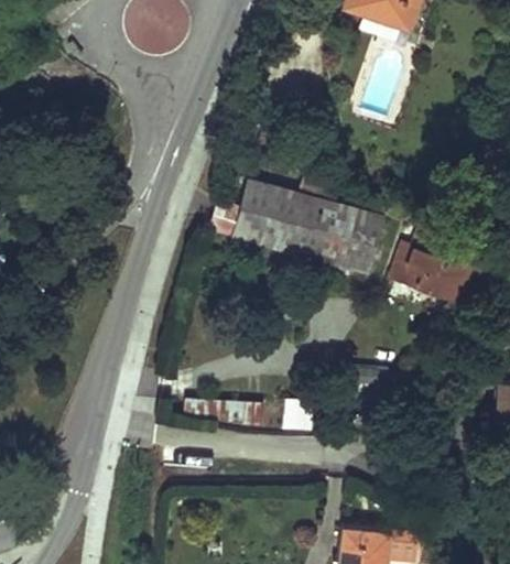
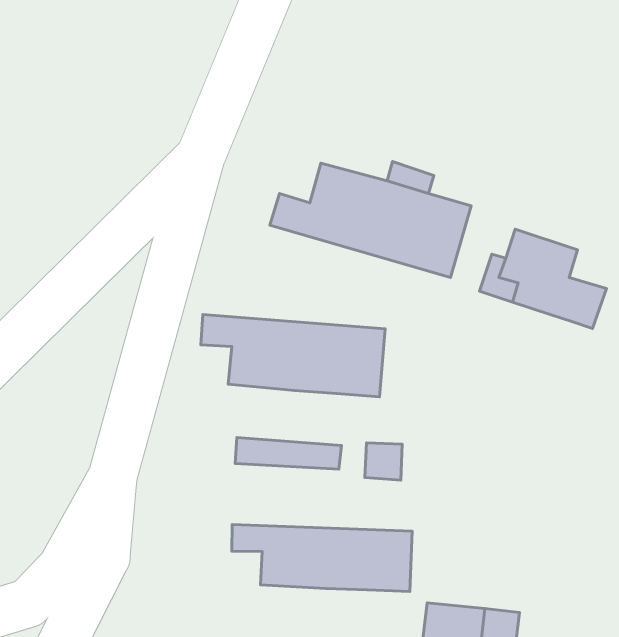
building: none -> [201,314,385,397]
building: none -> [232,524,412,591]

